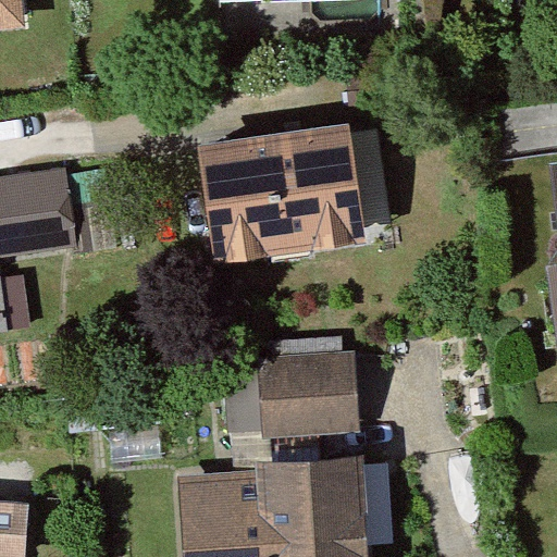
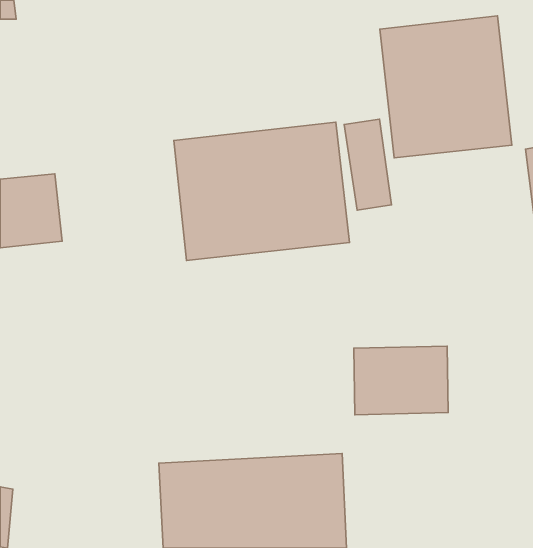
building: none -> [380,16,512,158]
building: [262,361,358,431] -> [354,346,448,415]

